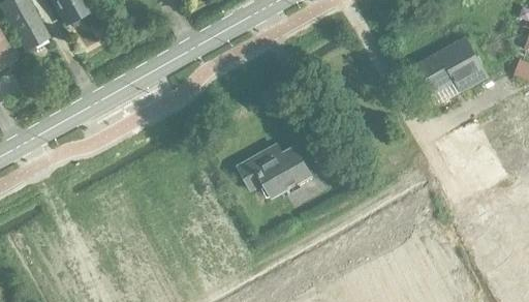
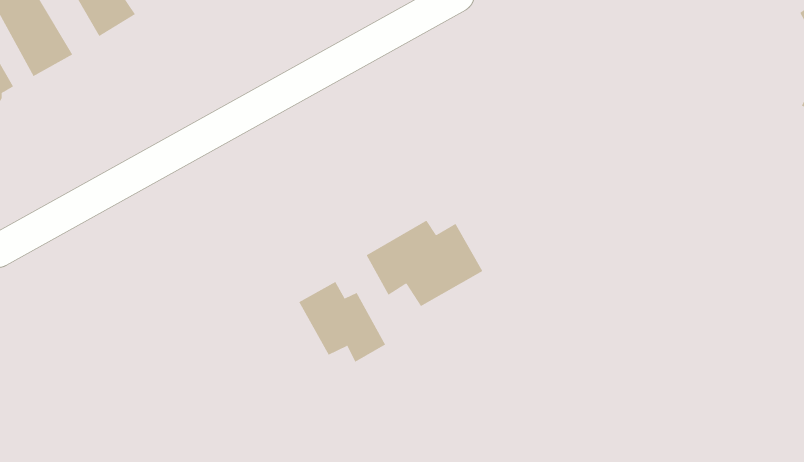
building: [417,37,488,94] -> none
building: none -> [298,281,386,362]

